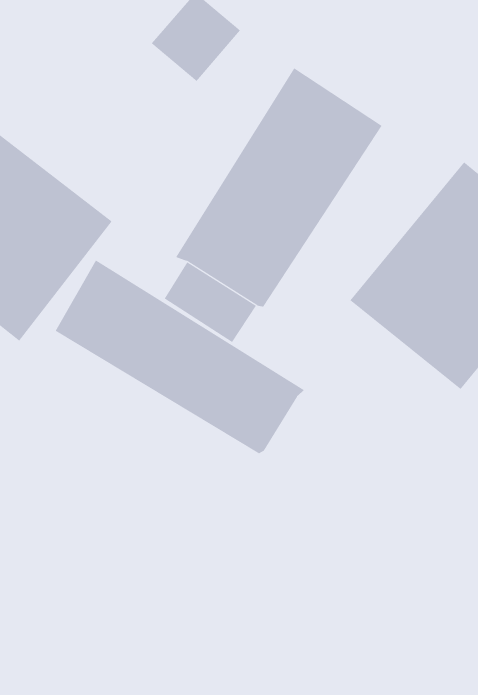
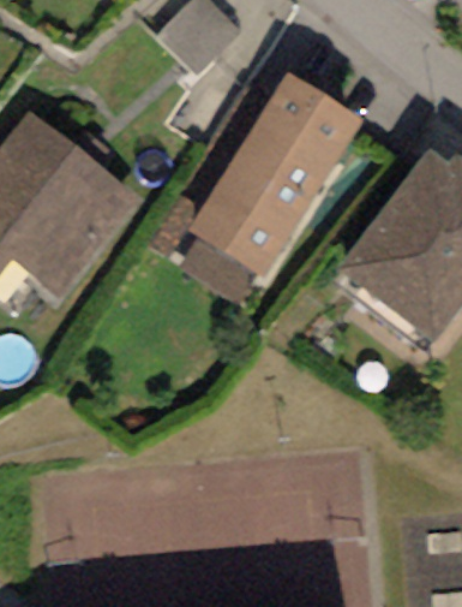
building: [55,260,305,454] -> none

